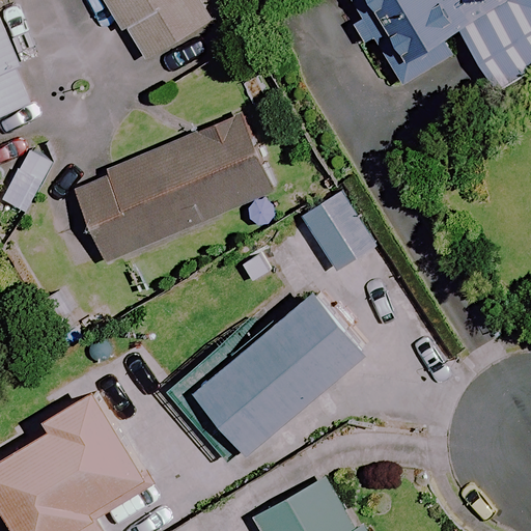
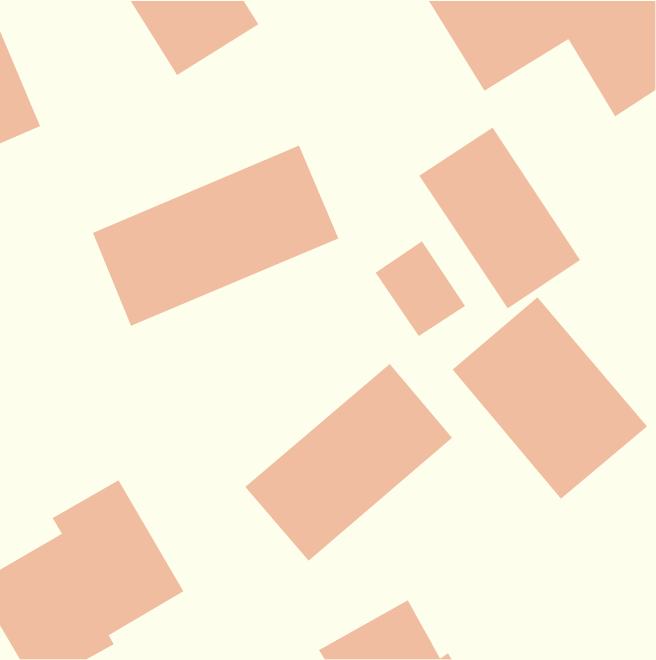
building: none -> [418,127,581,309]
building: none -> [451,296,648,500]

